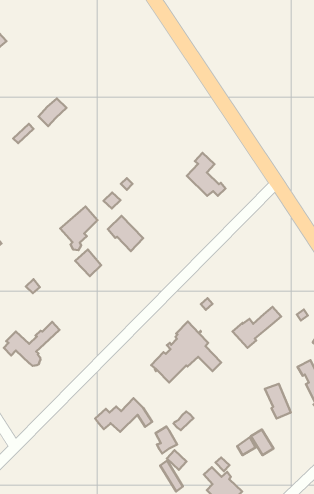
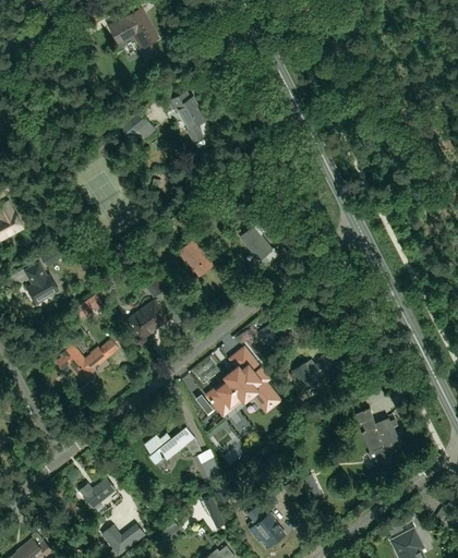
building: none -> [109,15,158,61]
building: none -> [169,95,206,142]
building: [187,153,226,196] -> [240,216,278,262]
building: [60,207,98,250] -> [125,301,165,344]
building: [265,384,291,418] -> none
building: none -> [80,478,114,508]

